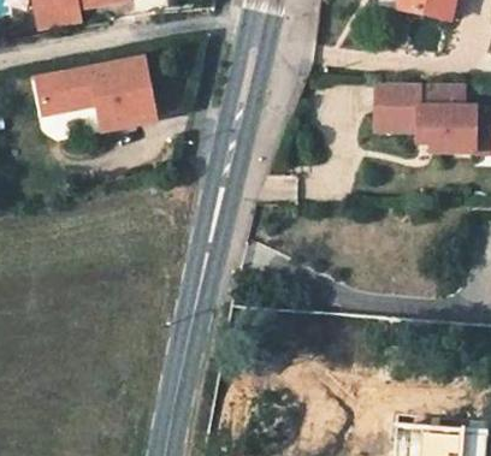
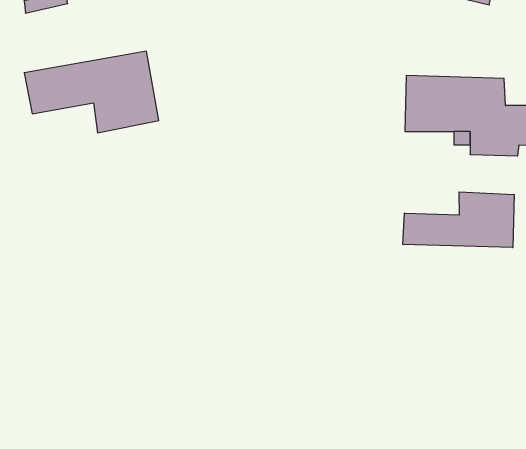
building: none -> [403,192,514,248]

